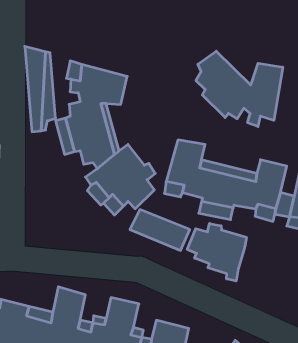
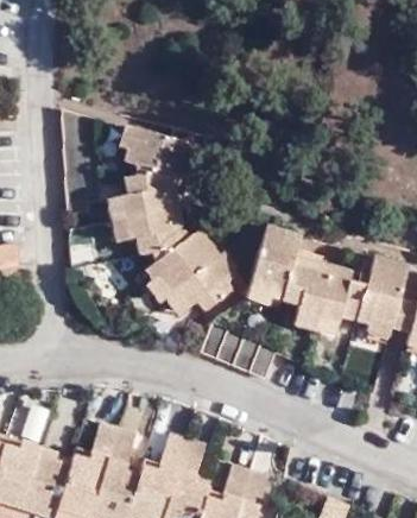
building: [196,51,283,127] -> none
building: [187,223,246,281] -> none

